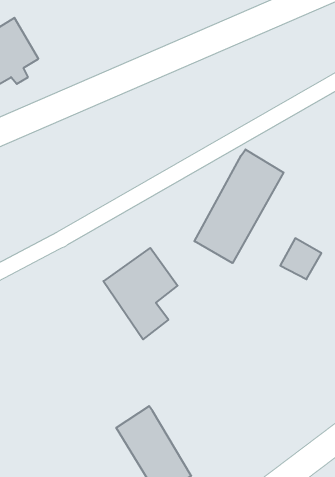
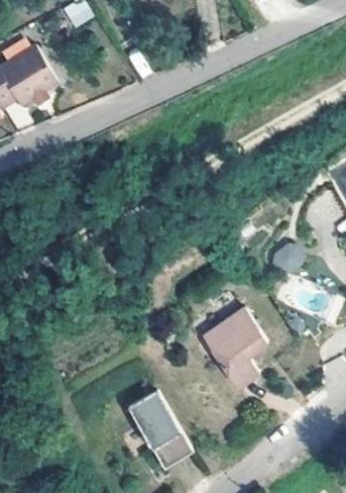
building: [194,149,284,263] -> none
building: [103,248,178,339] -> [203,305,268,386]

